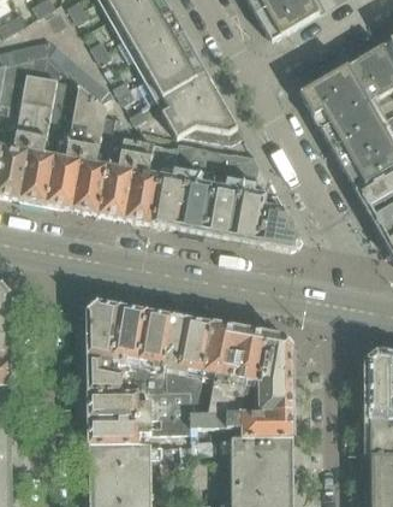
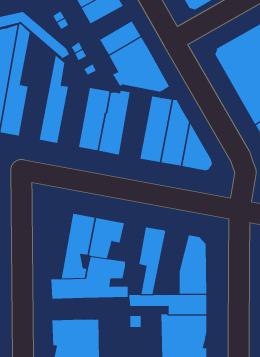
building: [138,31,193,76] -> none
building: [46,83,93,207] -> none
building: [96,116,137,217] -> none
building: [177,145,219,232] -> none
building: [85,300,115,390] -> none
building: [161,317,210,371] -> none
building: [221,326,267,411] -> none
building: [88,414,190,444] -> none

